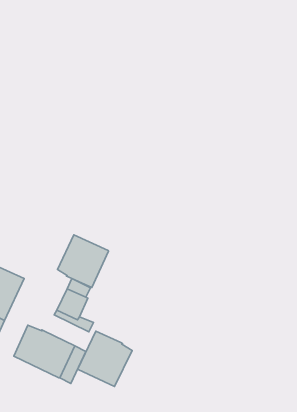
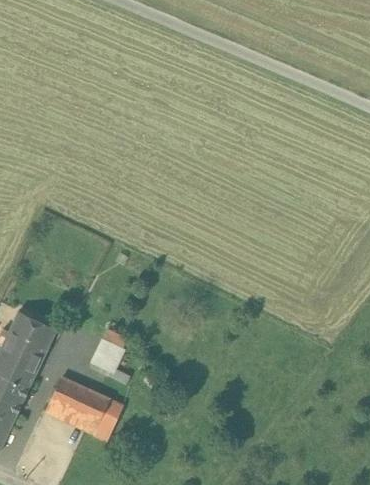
building: [57,235,108,287] -> none
building: [78,331,132,387] -> none

